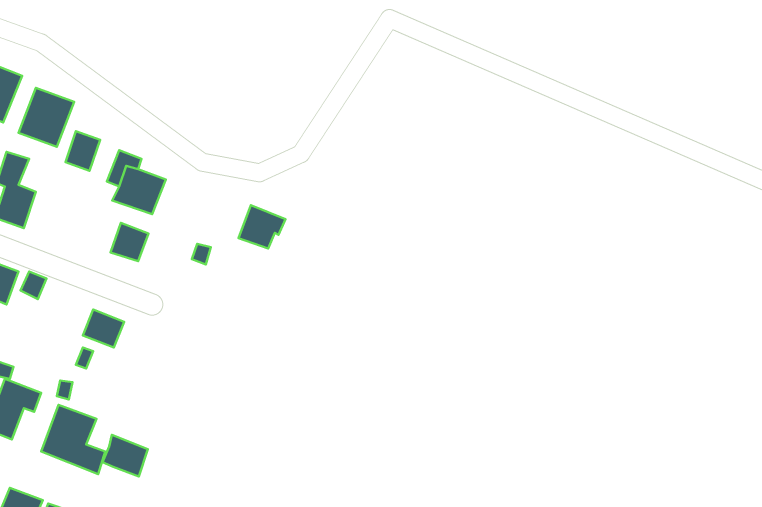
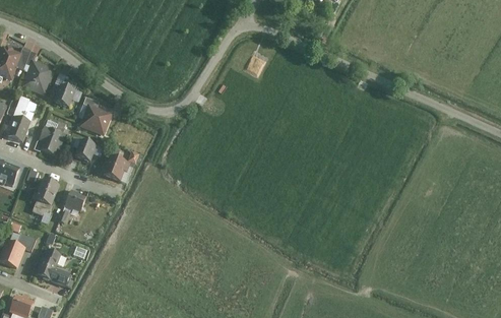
building: none -> [39,127,63,152]
building: [239,205,285,249] -> [99,155,126,181]
building: none -> [35,178,62,214]
building: [103,435,148,476] -> none

